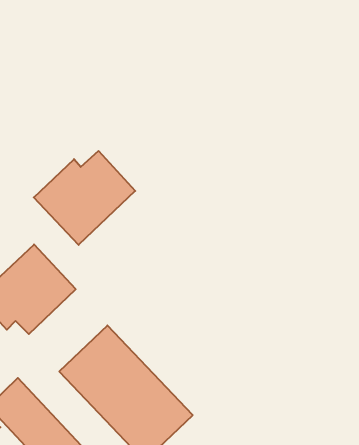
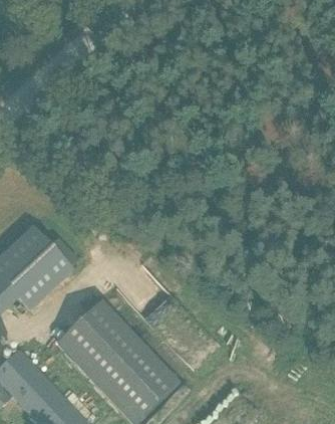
building: [34,151,135,245] -> none

